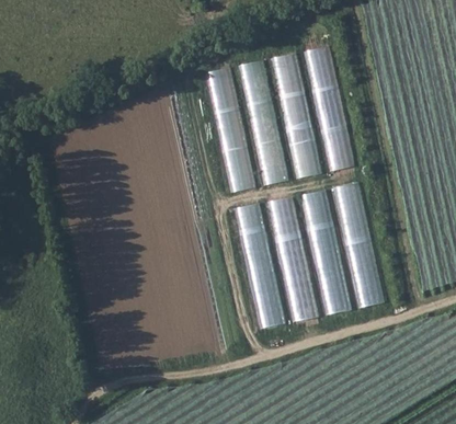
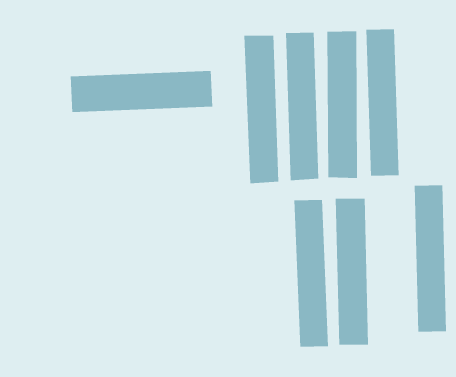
building: none -> [70,70,213,113]
building: [335,182,381,307] -> [414,185,447,332]
building: [237,202,283,328] -> none

